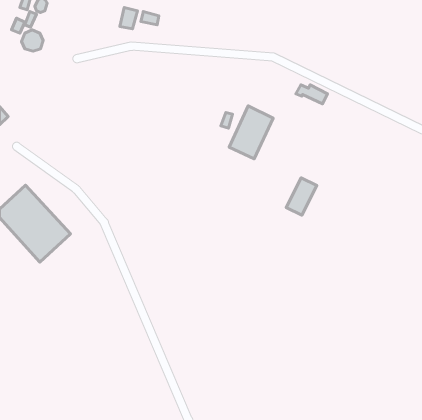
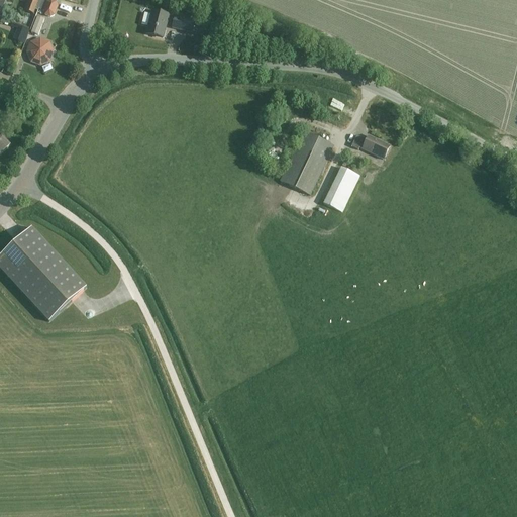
building: [296,85,327,104] -> [350,133,389,157]
building: [286,178,317,215] -> [322,166,359,211]

